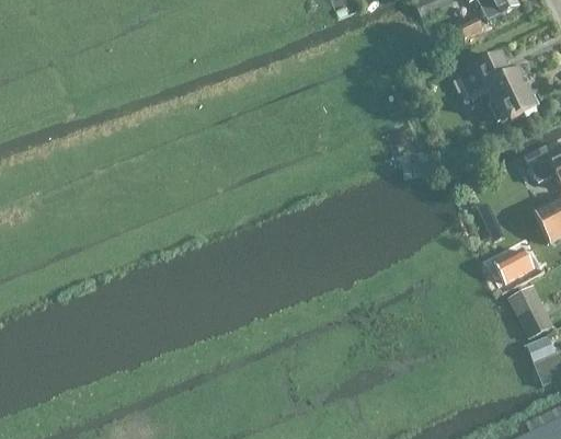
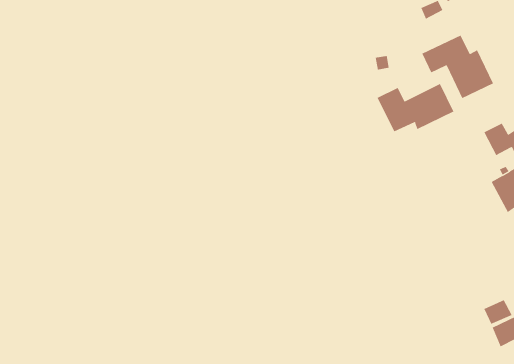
building: none -> [377,83,454,132]
building: [493,247,534,282] -> none
building: [508,287,549,336] -> none

